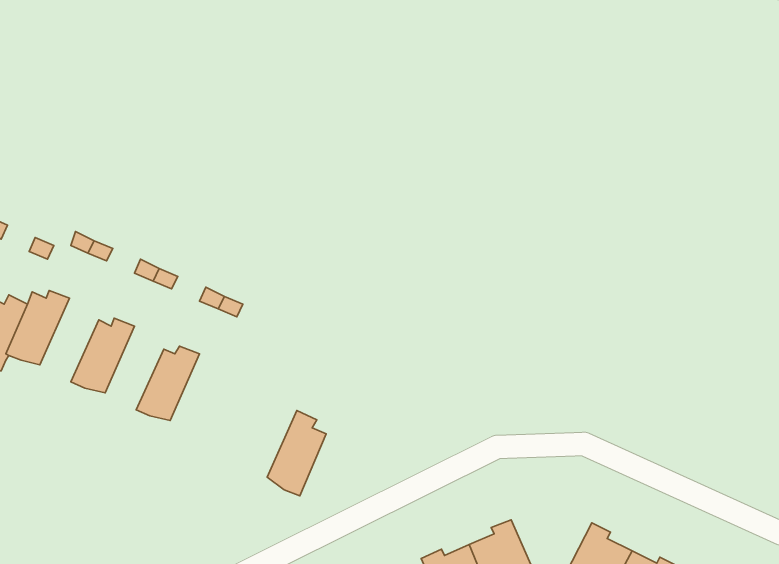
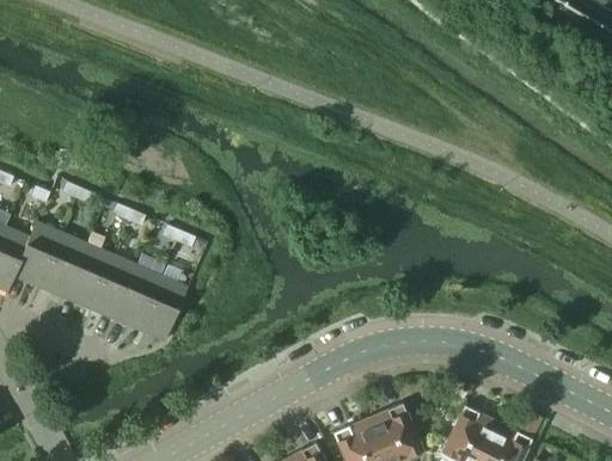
building: none -> [38,232,84,296]
building: none -> [88,253,134,318]
building: [267,411,326,496] -> [139,275,184,340]

